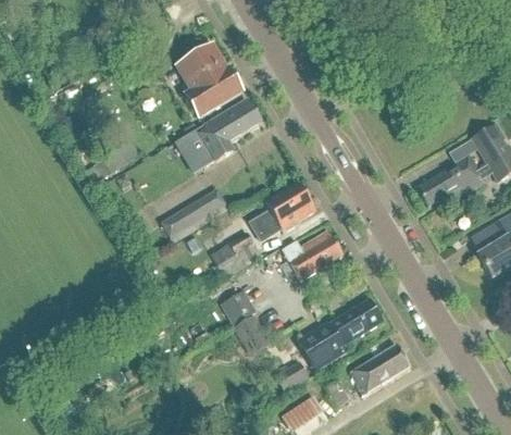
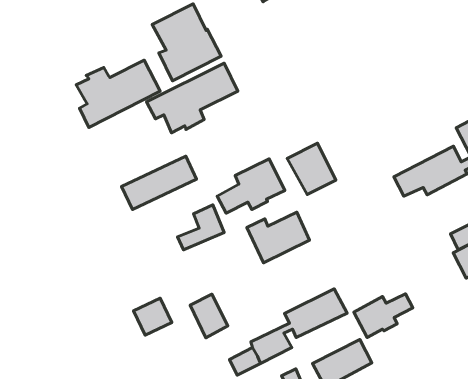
building: none -> [76,60,160,127]
building: none -> [287,143,336,195]
building: [220,288,257,324] -> [133,298,172,335]
building: none -> [354,294,413,337]

